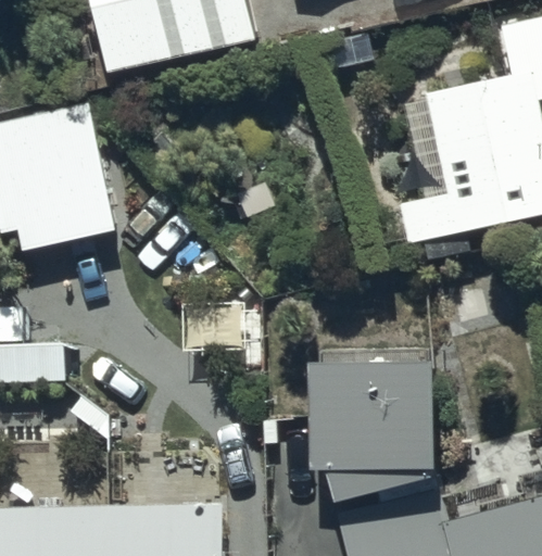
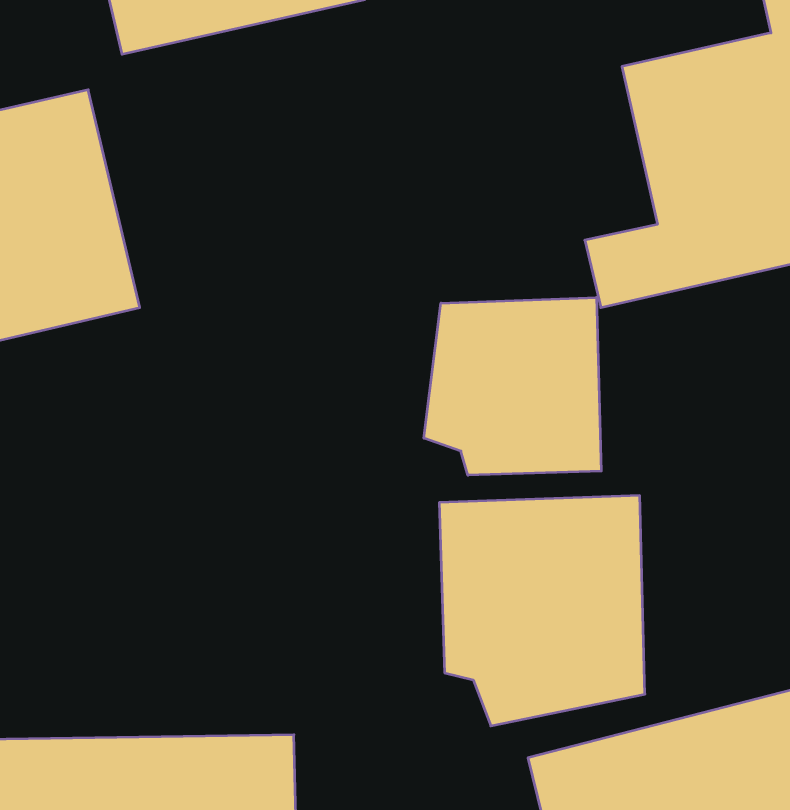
building: none -> [424,297,601,475]

